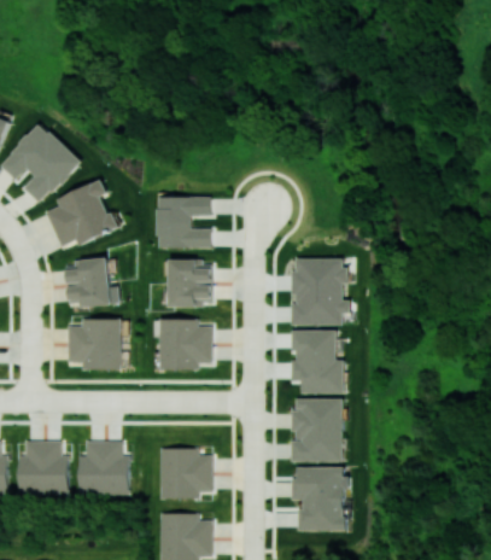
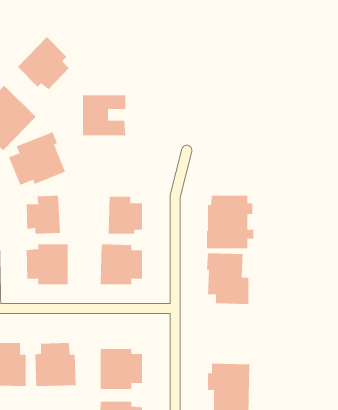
building: none -> [17,36,70,90]
building: [158,197,212,247] -> [82,95,126,136]
building: [291,398,344,461] -> none

